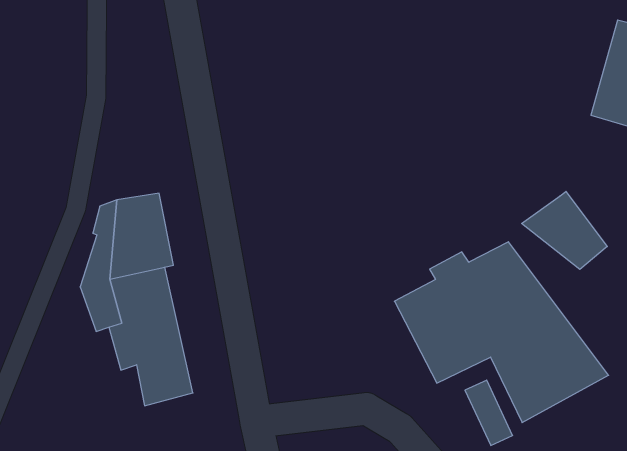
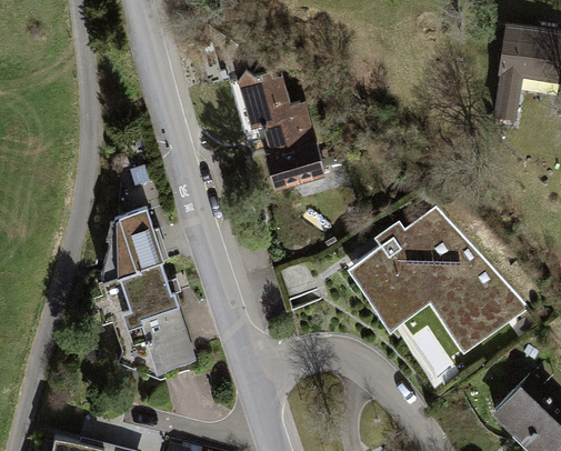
building: none -> [237,54,325,189]
building: [522,191,607,269] -> none

